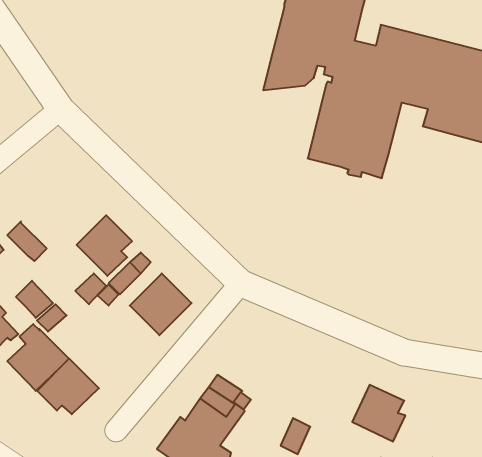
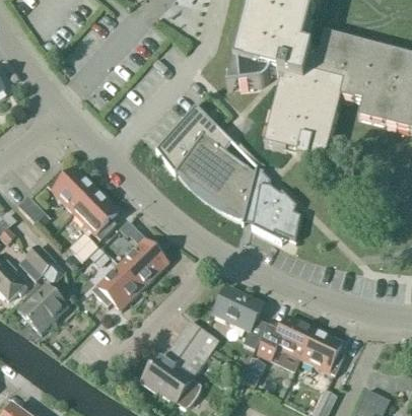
building: none -> [155,103,300,241]
building: none -> [48,166,98,213]
building: none -> [213,285,266,346]
building: [37,359,99,414] -> [91,263,142,308]
building: none -> [258,315,315,358]

